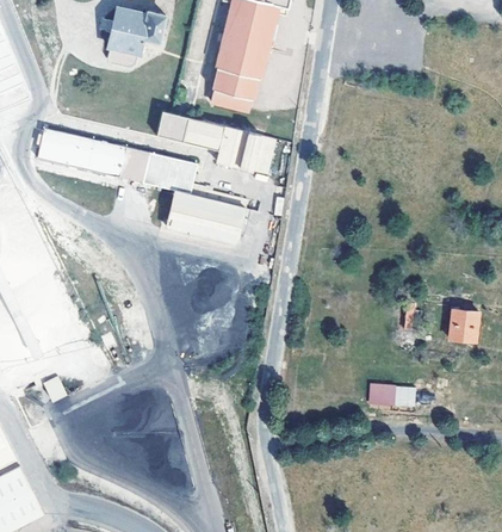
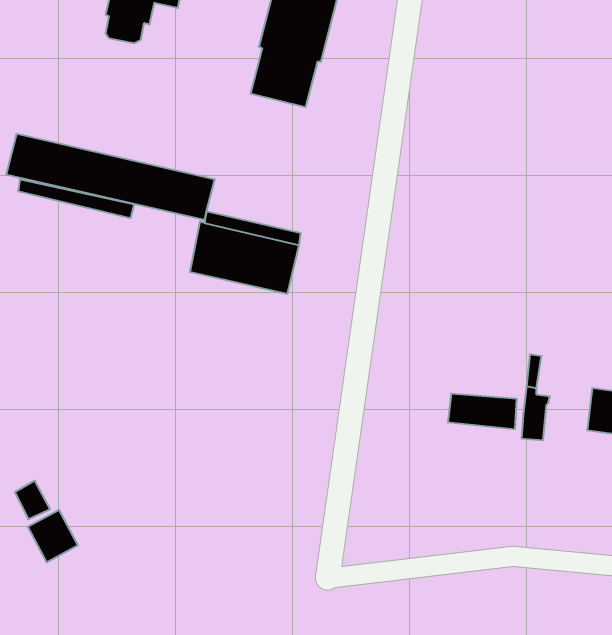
building: [156,110,274,172] -> none
building: [367,383,416,408] -> [448,394,517,429]
building: none -> [28,510,78,563]

